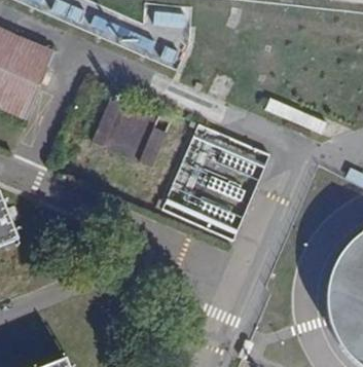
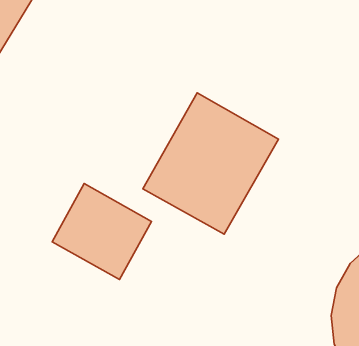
building: [93,91,174,169] -> [52,184,152,279]

